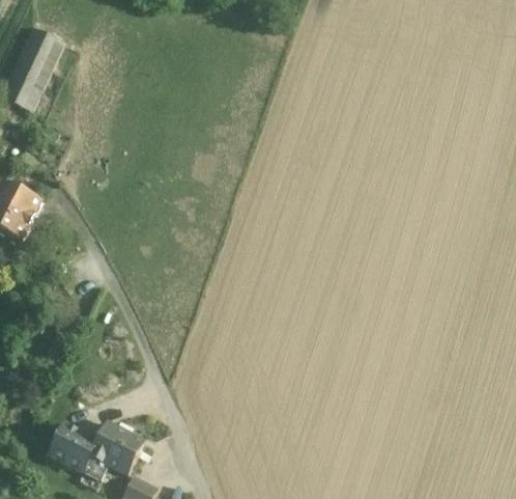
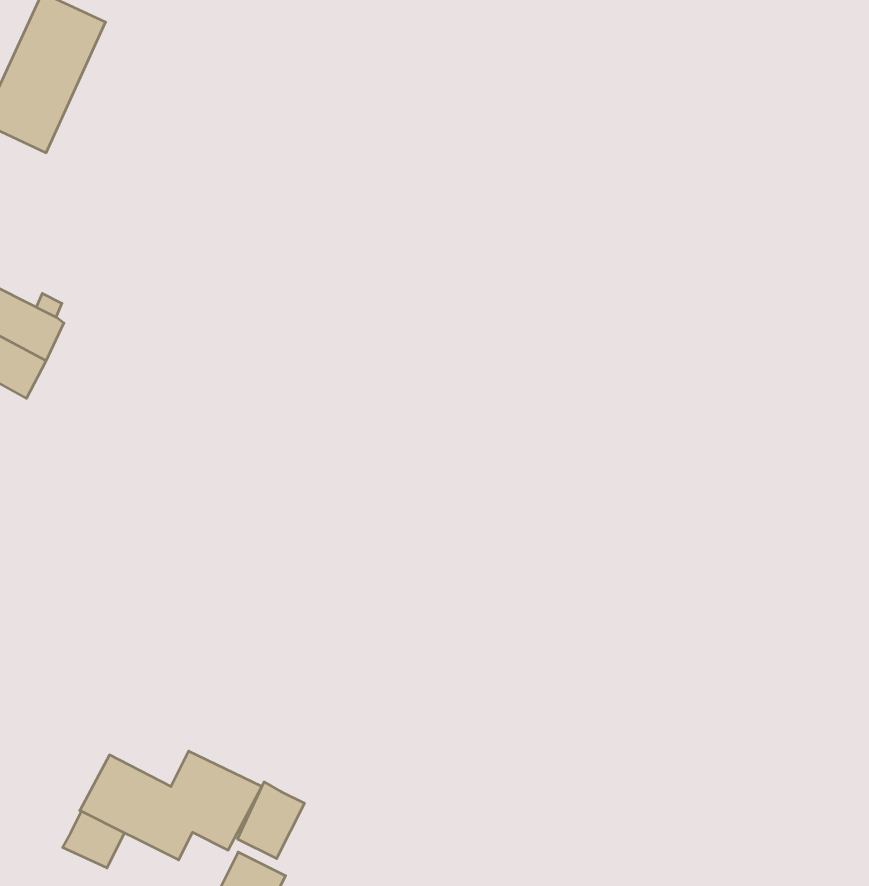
building: none -> [238,782,304,859]
building: none -> [63,811,124,868]

